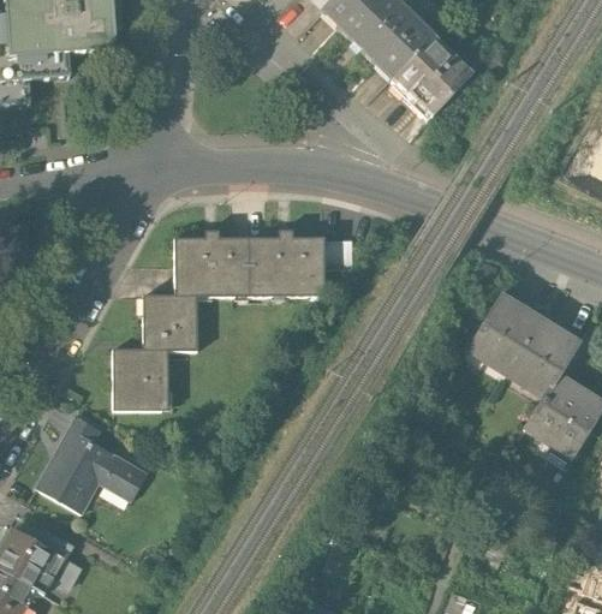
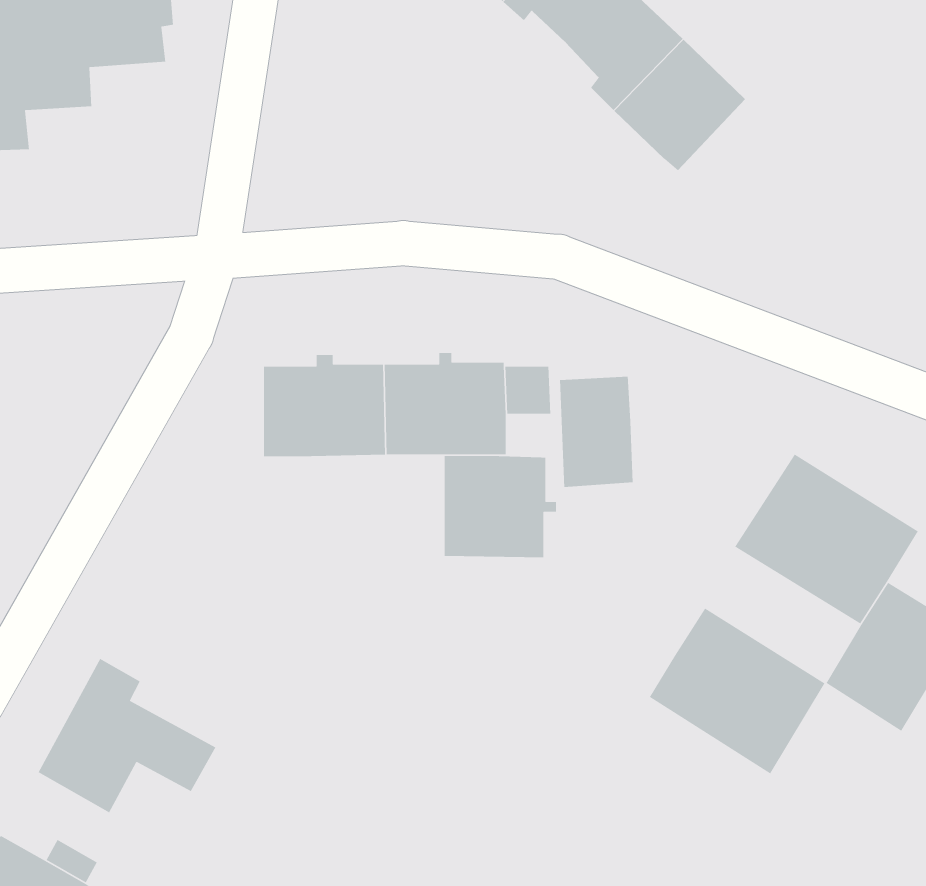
building: none -> [559,376,633,488]
building: none -> [444,455,557,558]
building: [114,294,196,409] -> none
building: none -> [649,607,826,774]

